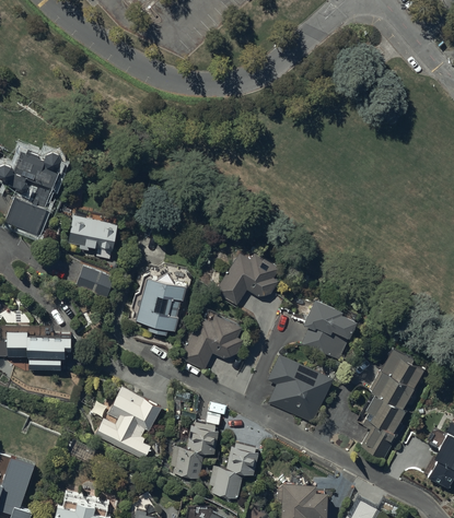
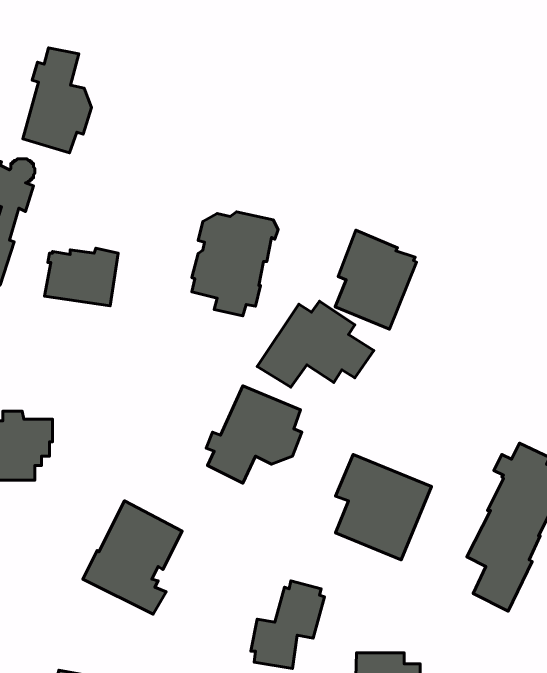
building: none -> [23,48,92,153]
building: [132,266,191,337] -> [192,212,278,316]
building: [75,267,112,296] -> none
building: [301,294,357,362] -> [335,230,417,329]
building: [171,420,219,480] -> none

